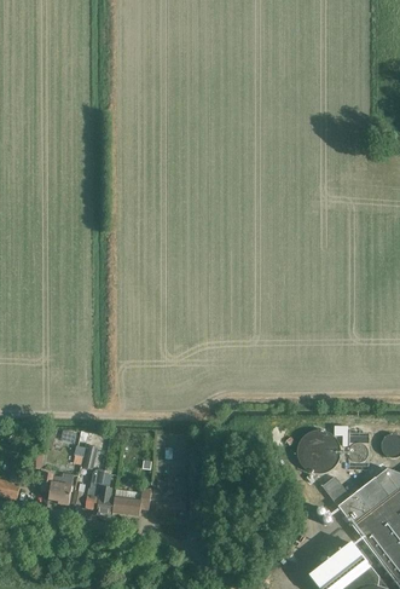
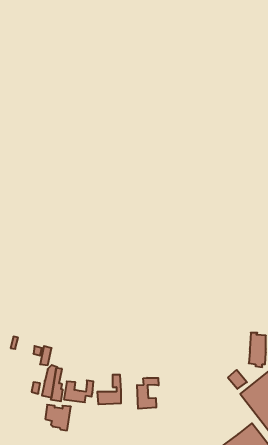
building: [300,429,341,472] -> none
building: [41,473,74,506] -> [45,405,71,430]
building: none -> [137,378,159,409]

